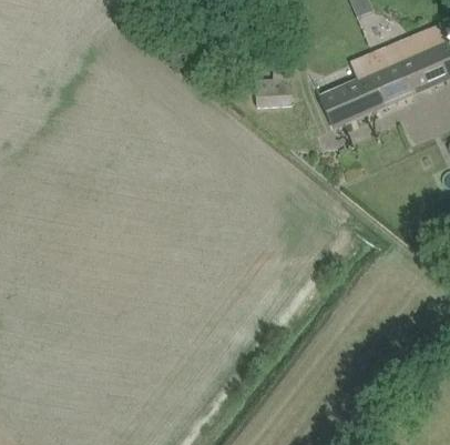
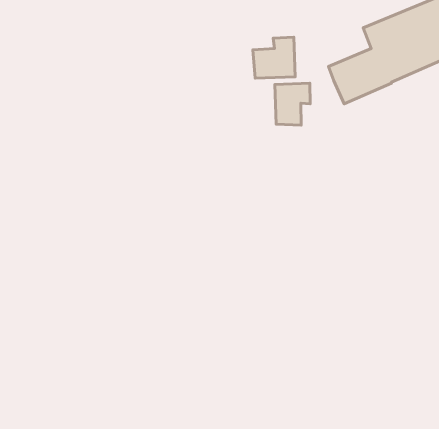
building: none -> [275,83,310,125]

